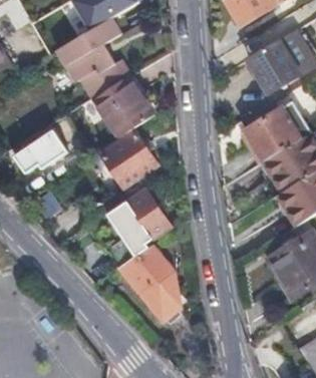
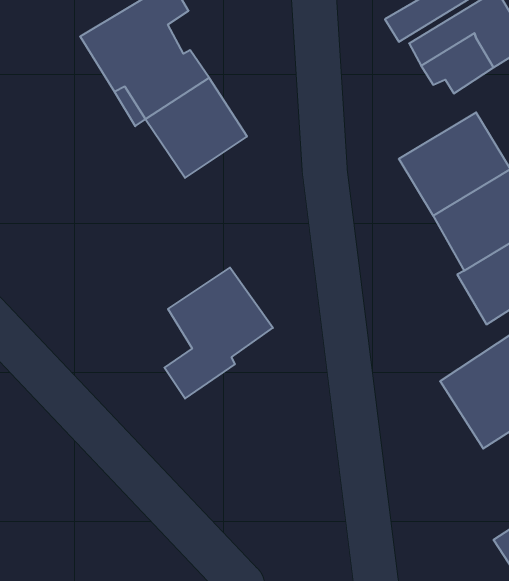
building: [101,130,156,184] -> none
building: [19,135,70,177] -> none
building: [117,243,171,319] -> none

